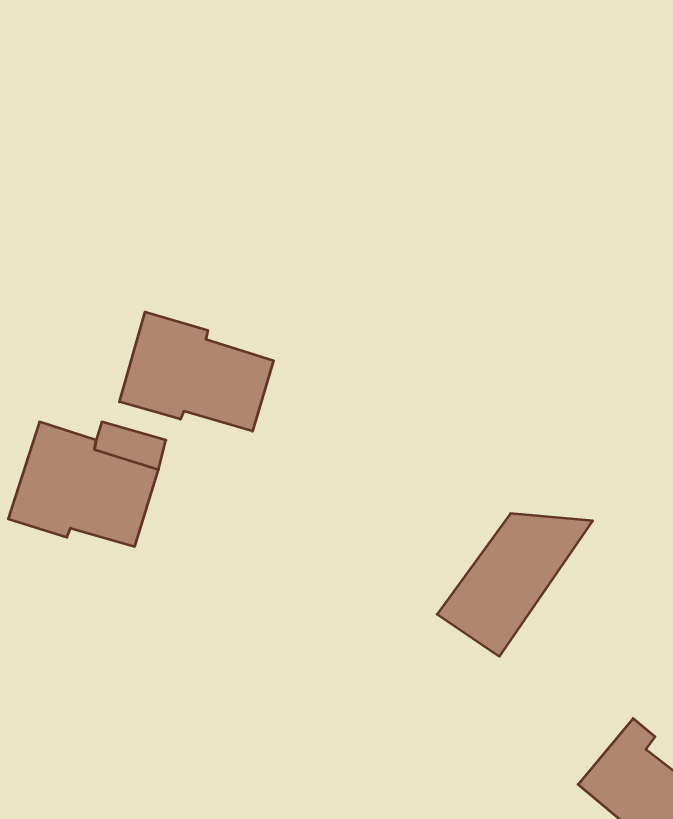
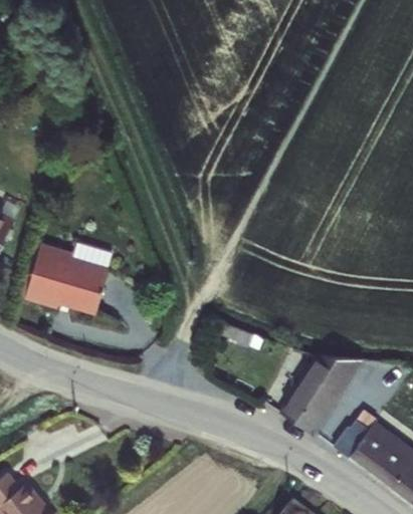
building: [119,312,274,431] -> none
building: [437,514,593,656] -> [279,355,365,434]

